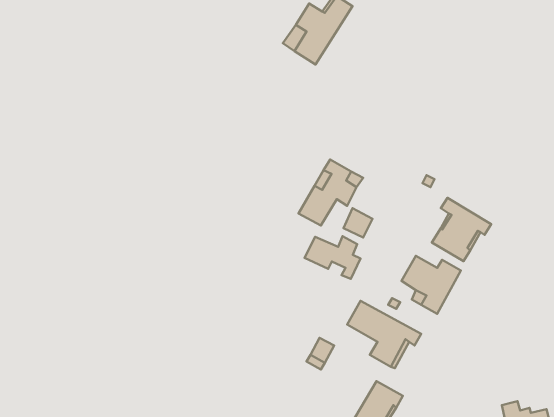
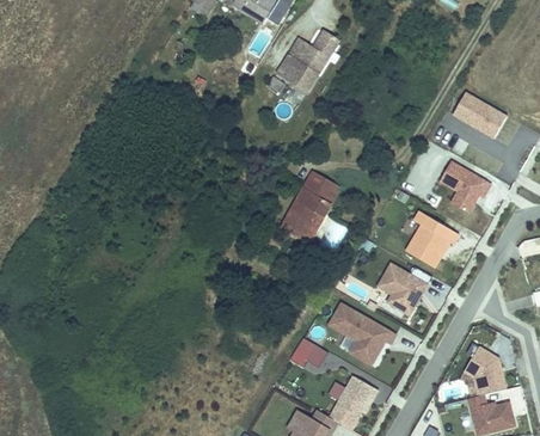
building: none -> [450,91,505,137]
building: none -> [437,161,489,213]
building: [305,236,361,279] -> none
building: none -> [462,346,505,395]

